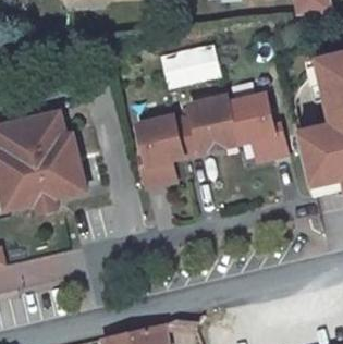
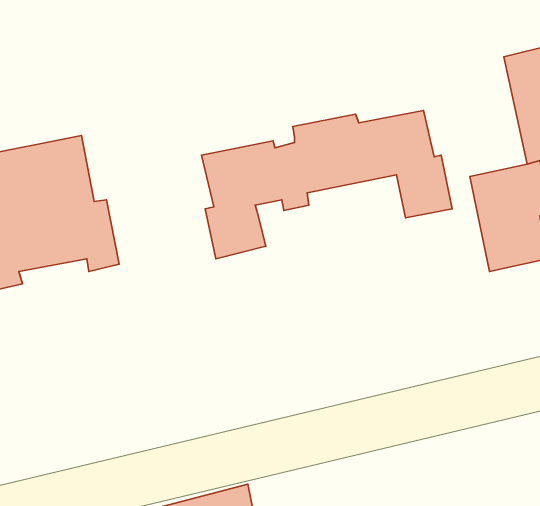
building: [157,47,213,85] -> none

